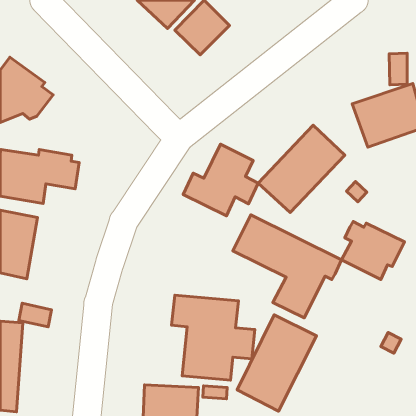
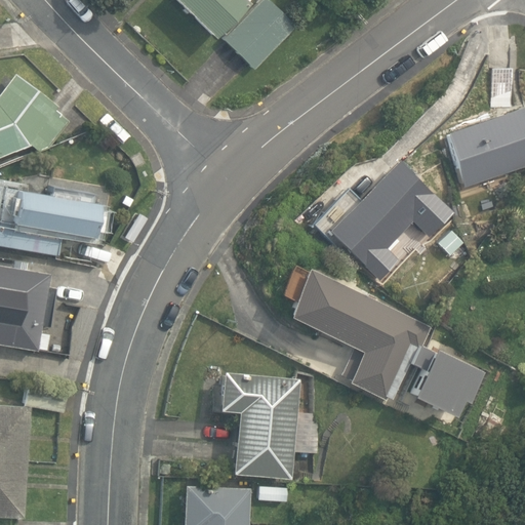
building: [183,144,258,216] -> none
building: [342,221,405,280] -> [408,346,487,418]
building: [237,315,316,411] -> none

